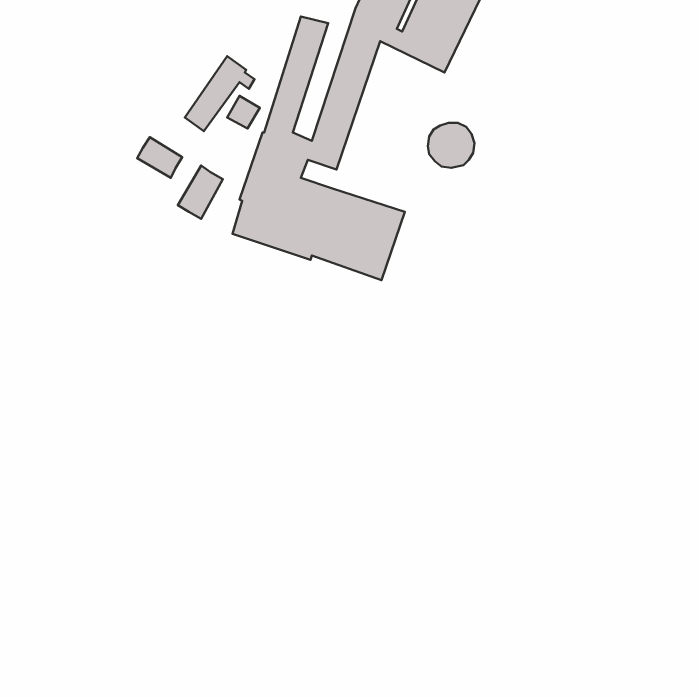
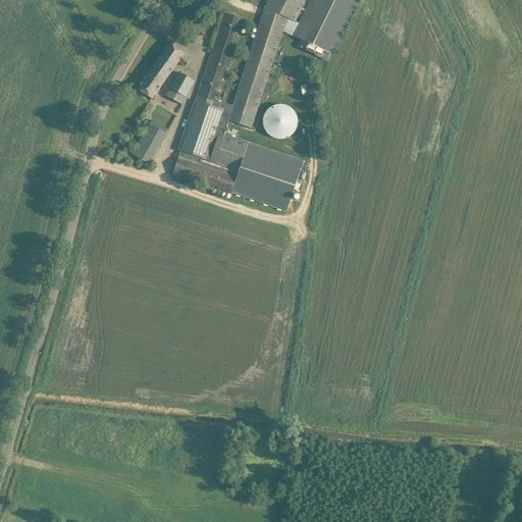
building: [428,123,474,168] -> [263,104,298,138]
building: [137,137,182,178] -> none

